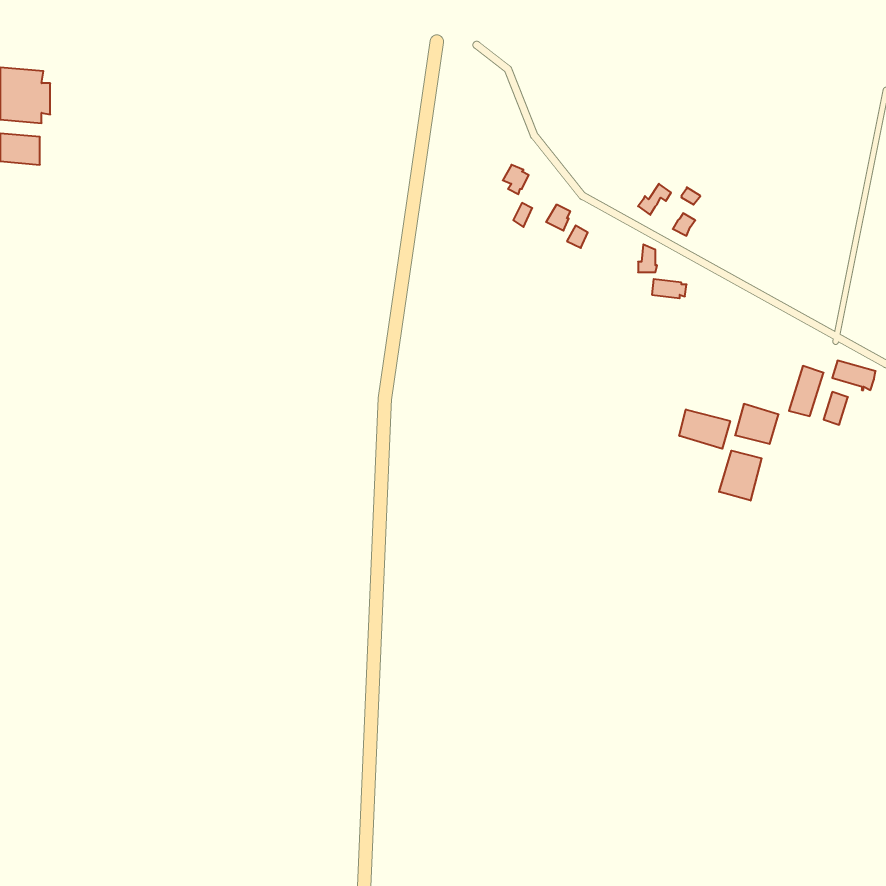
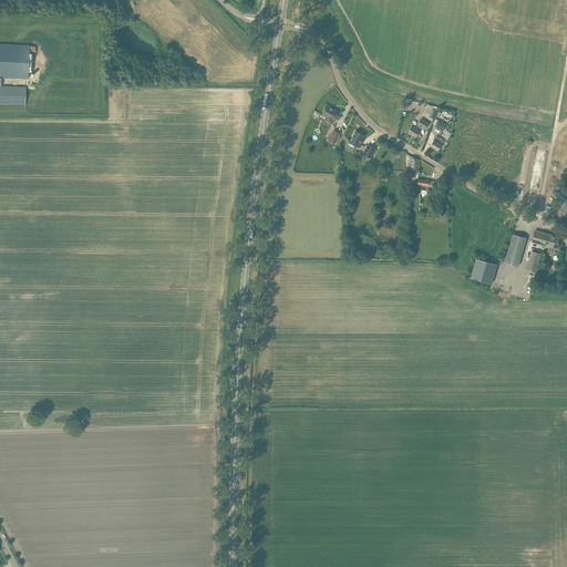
building: [679,409,730,449] -> none
building: [719,451,762,501] -> none

